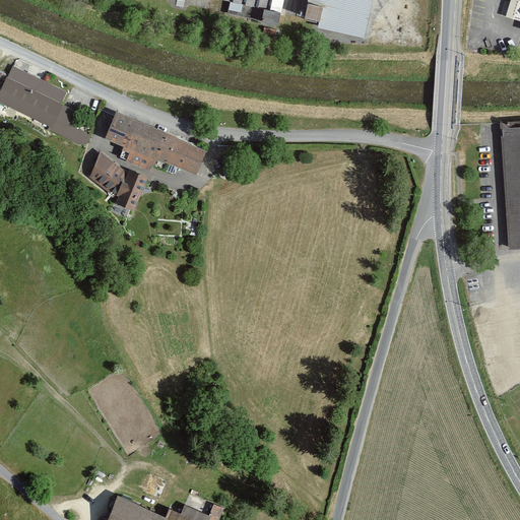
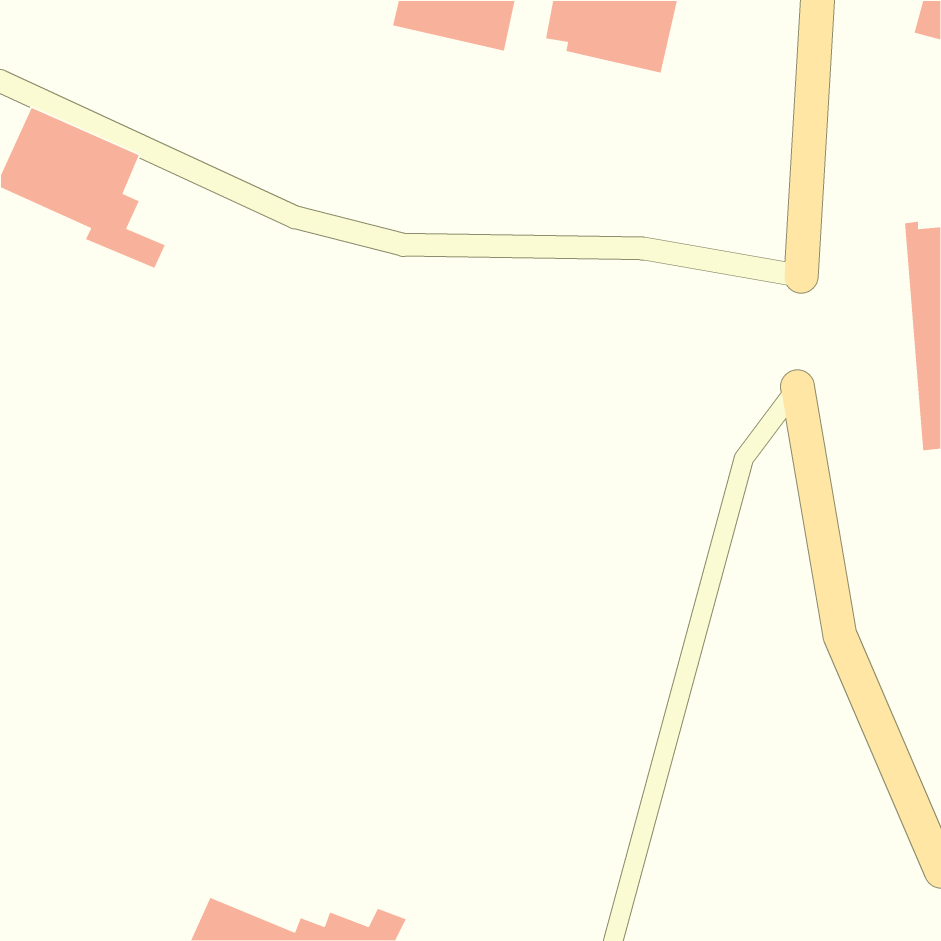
building: [104,113,206,178] -> none
building: [89,150,144,211] -> none

